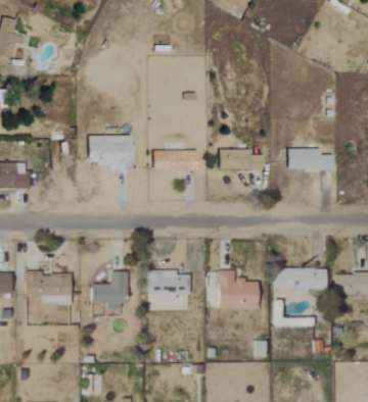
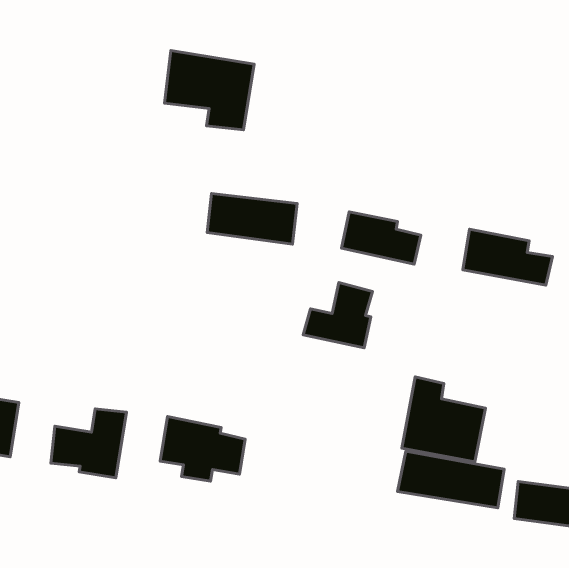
building: [88,136,132,171] -> [164,51,254,130]
building: none -> [303,282,373,348]
building: [218,269,258,308] -> [402,377,486,462]

